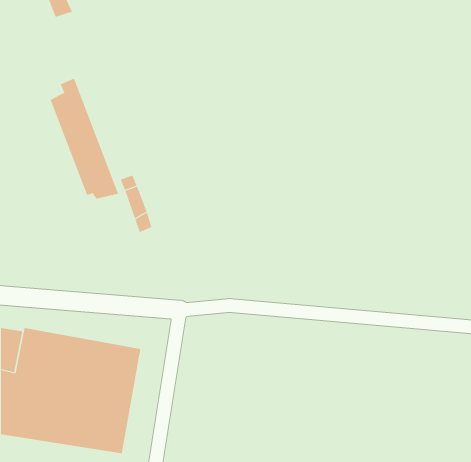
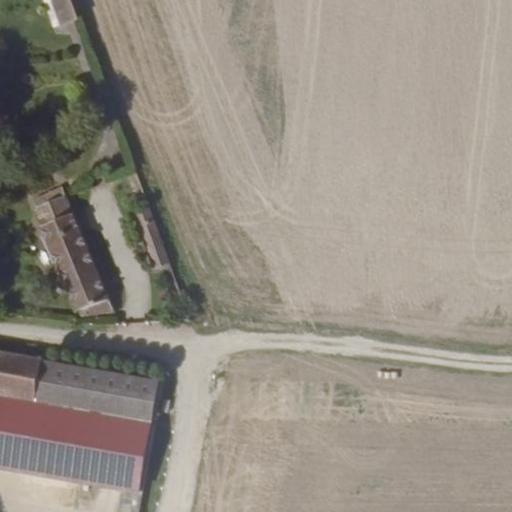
building: [50,78,119,199] -> [31,174,106,306]

